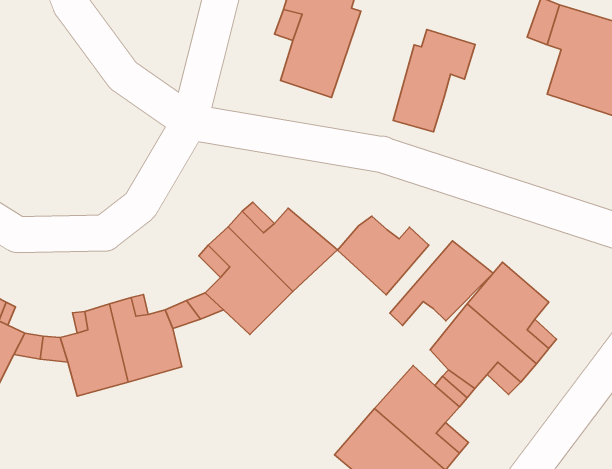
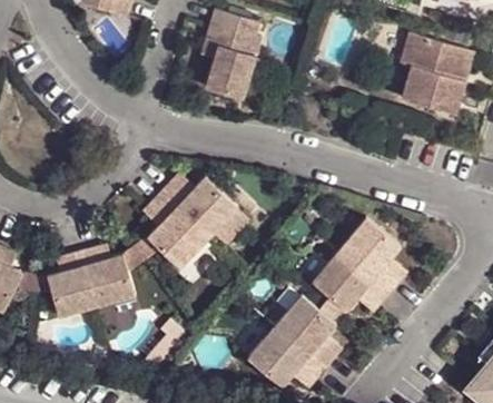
building: [393,29,475,132] -> none
building: [337,216,429,295] -> none
building: [390,241,493,325] -> none

